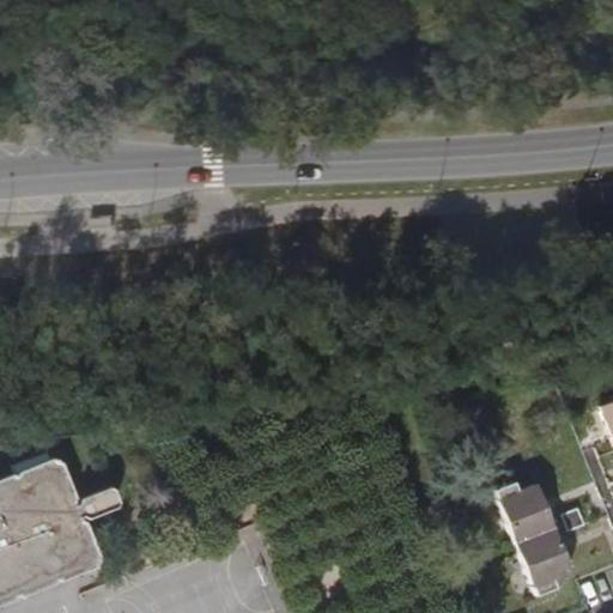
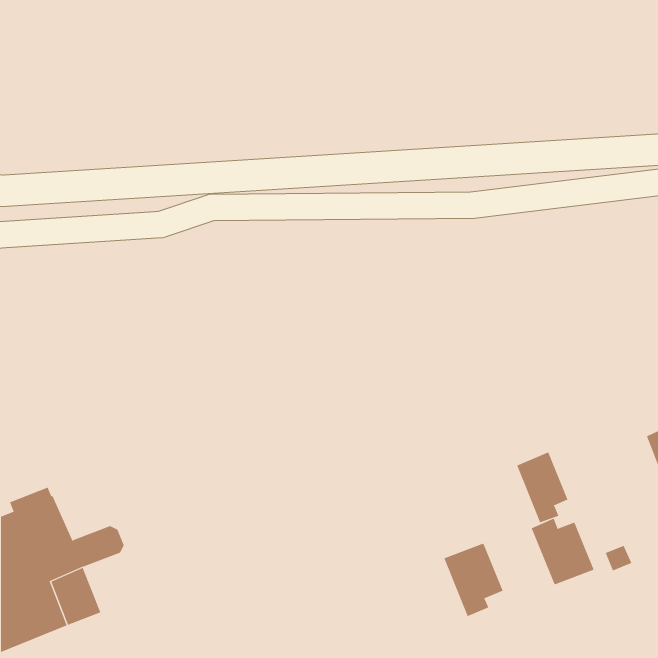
building: none -> [516,451,568,523]
building: [516,526,571,594] -> [444,543,503,617]

